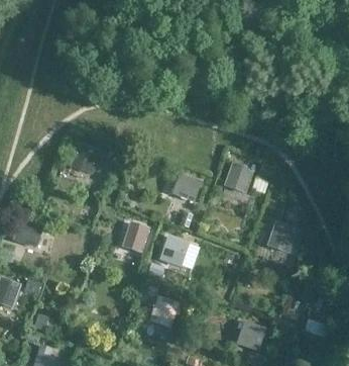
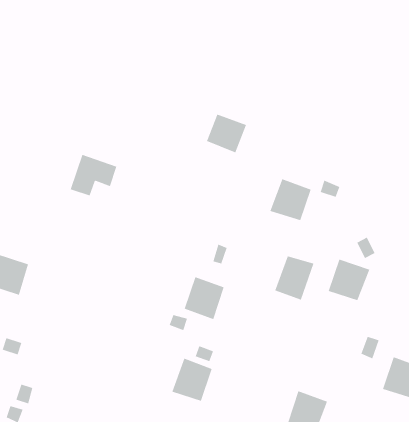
building: [170,173,201,202] -> [206,114,247,153]
building: none -> [275,255,314,301]
building: [122,221,150,253] -> none

